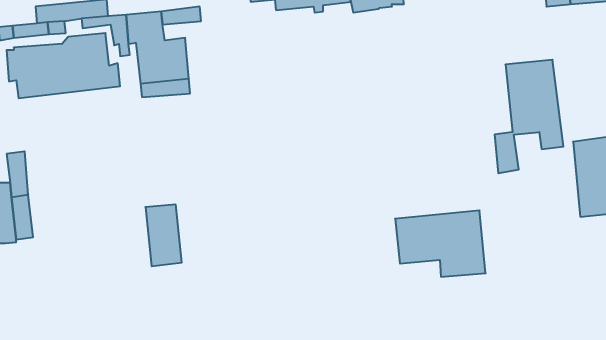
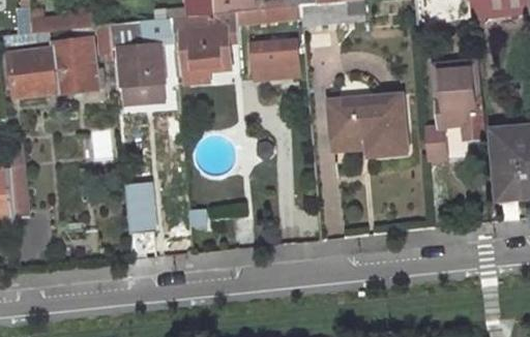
building: none -> [182,19,228,64]
building: none -> [251,38,298,73]
building: [395,210,486,277] -> [328,93,406,150]

